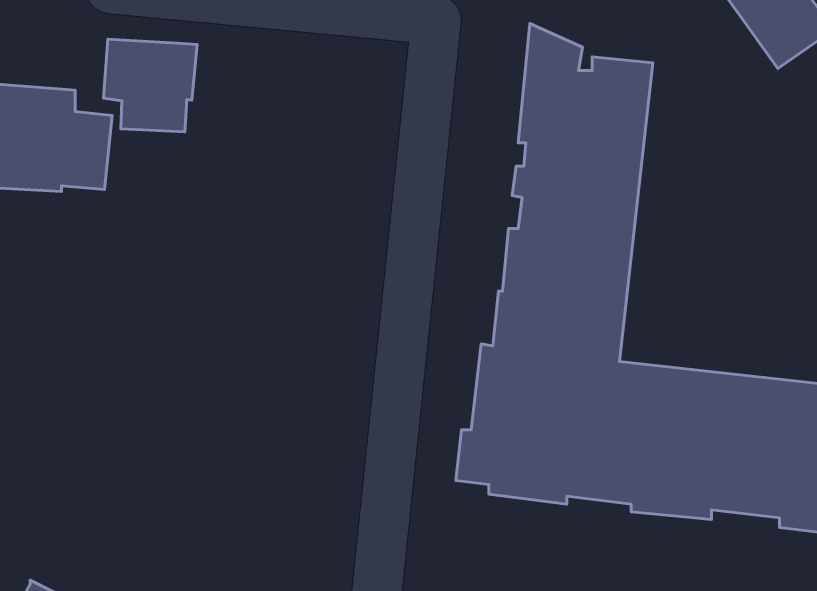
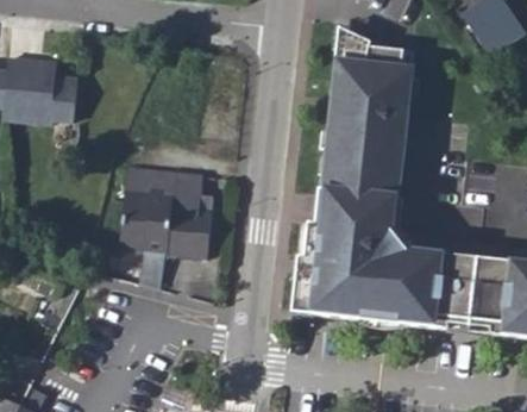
building: [104,39,197,132] -> none
building: none -> [120,167,214,288]

